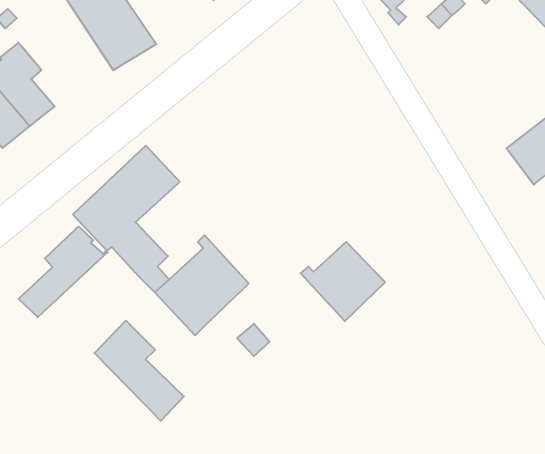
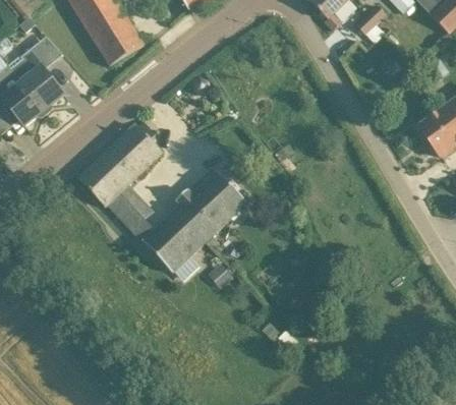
building: [19,227,108,317] -> none
building: [301,242,385,321] -> [182,170,248,232]
building: [94,321,184,421] -> none

